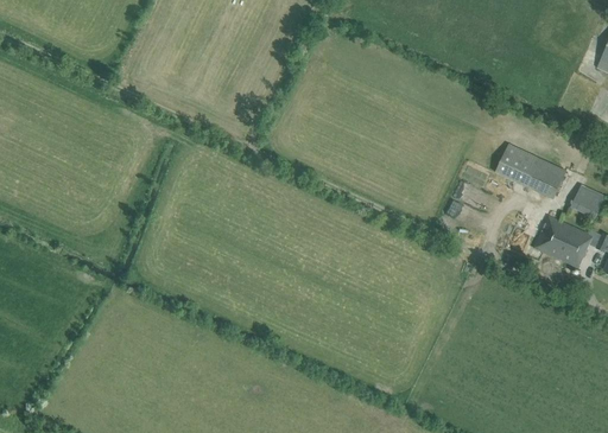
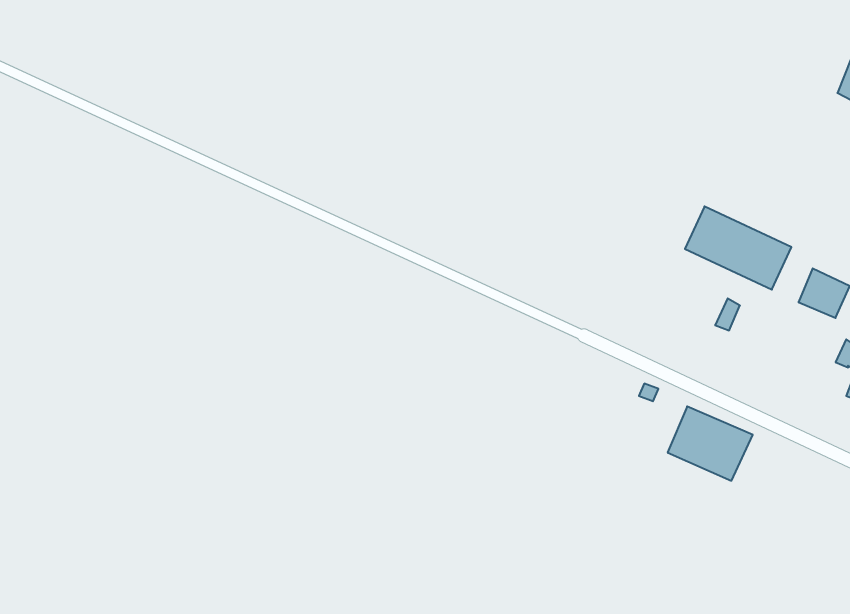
building: [536,217,593,267] -> [668,406,753,481]

